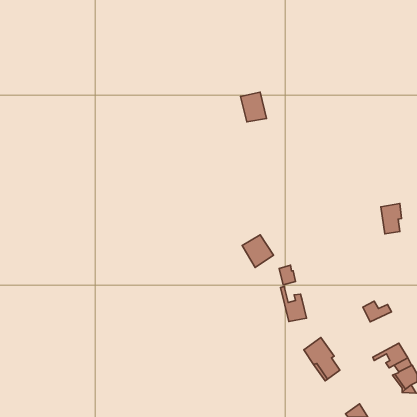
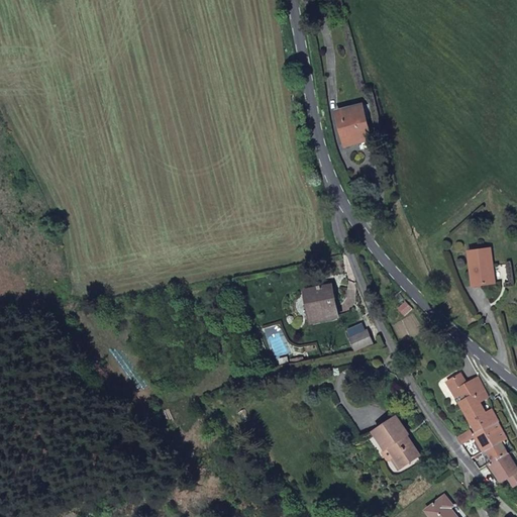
building: [240,92,267,122] -> [336,107,369,143]
building: [280,287,307,321] -> none
building: none -> [454,384,498,439]

